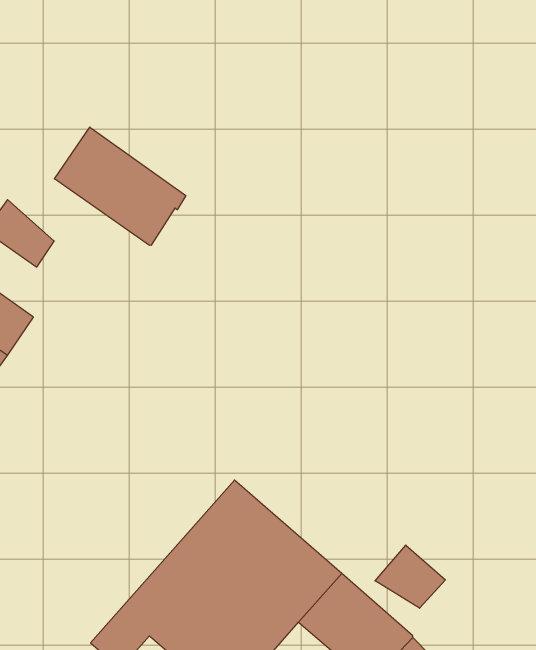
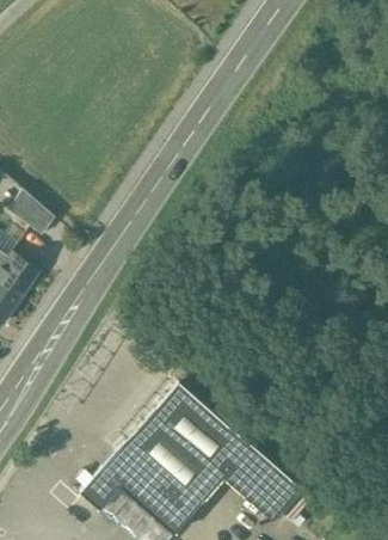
building: [54,127,186,245] -> none
building: [375,545,445,608] -> none

